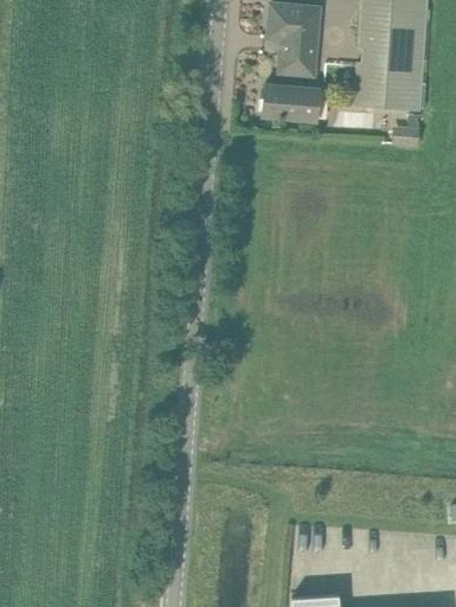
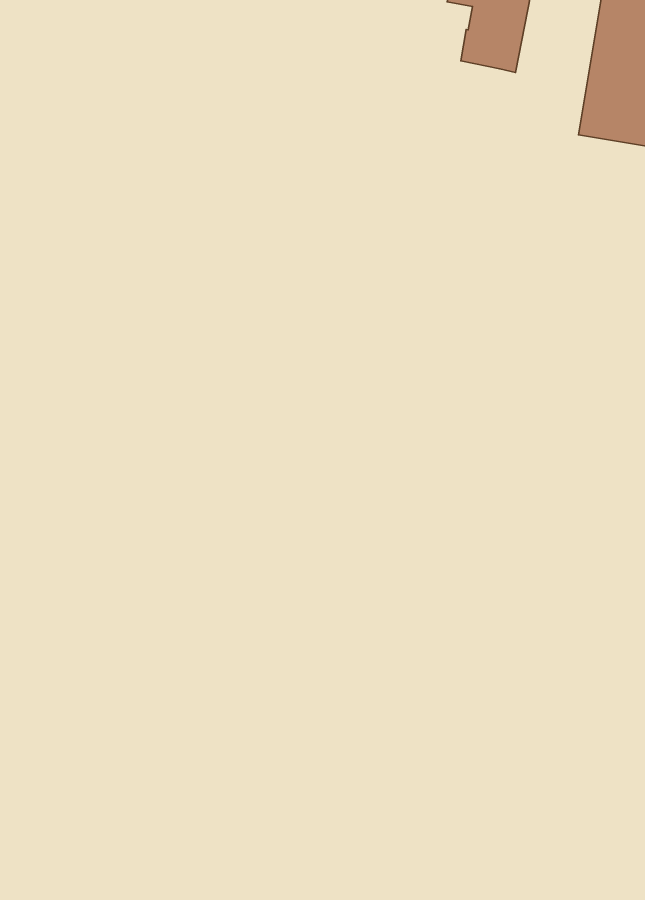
building: [263,85,321,121] -> none

